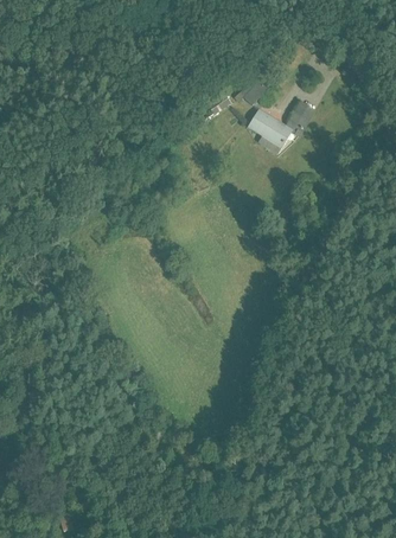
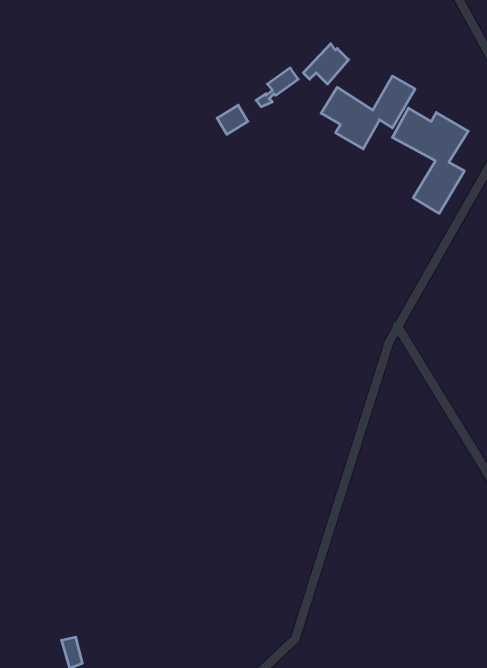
building: none -> [392,108,468,213]

